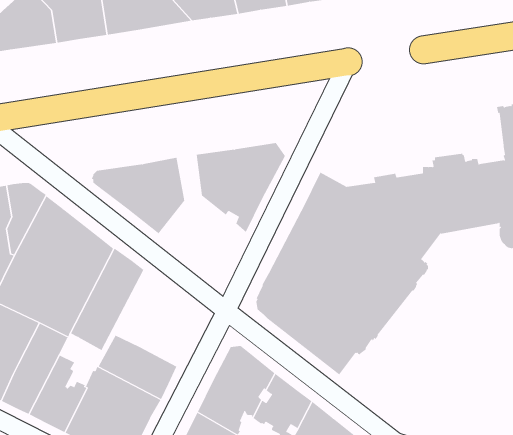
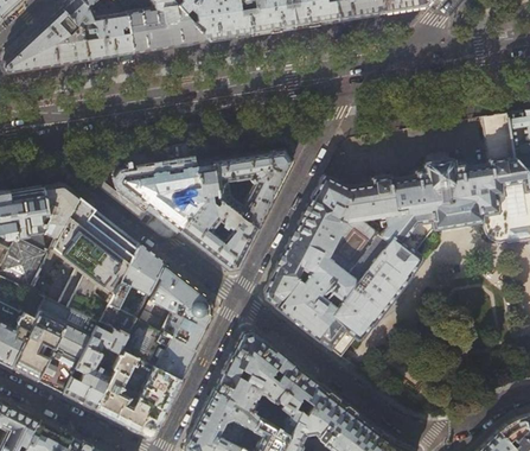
building: none -> [178,160,256,271]
building: none -> [148,266,216,350]
building: none -> [89,324,127,354]

